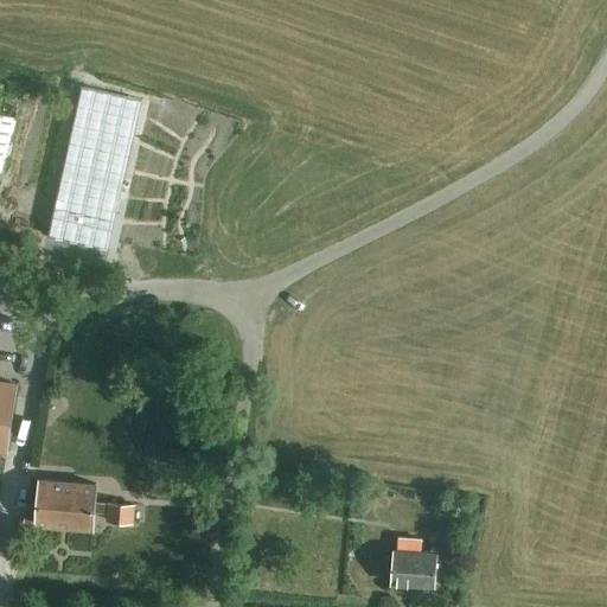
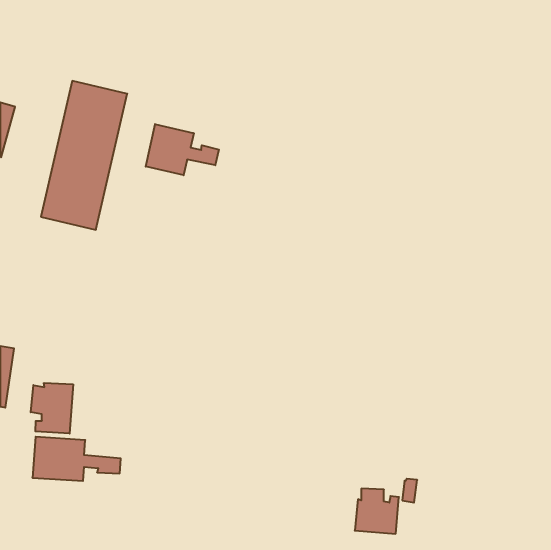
building: none -> [146,124,219,175]
building: none -> [31,383,73,434]

